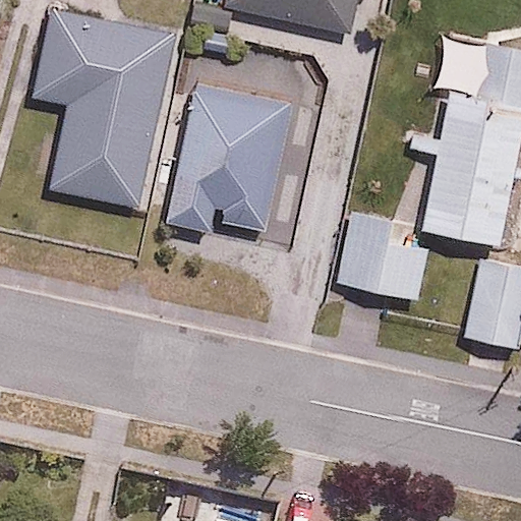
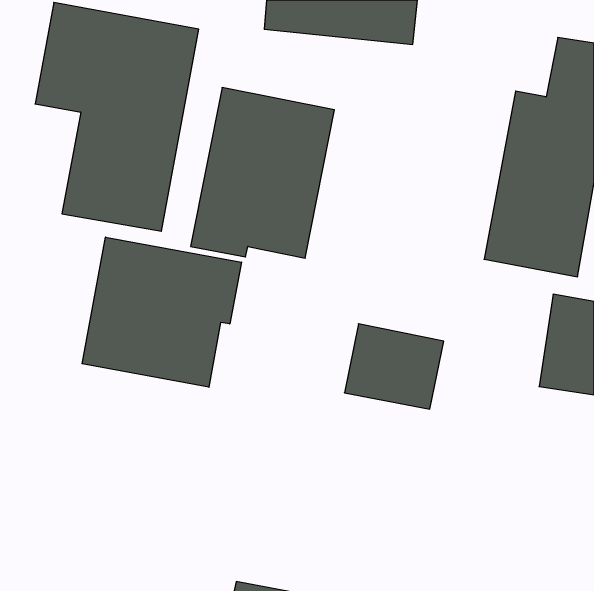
building: none -> [82,237,241,387]
building: [341,222,427,296] -> [344,324,444,409]

